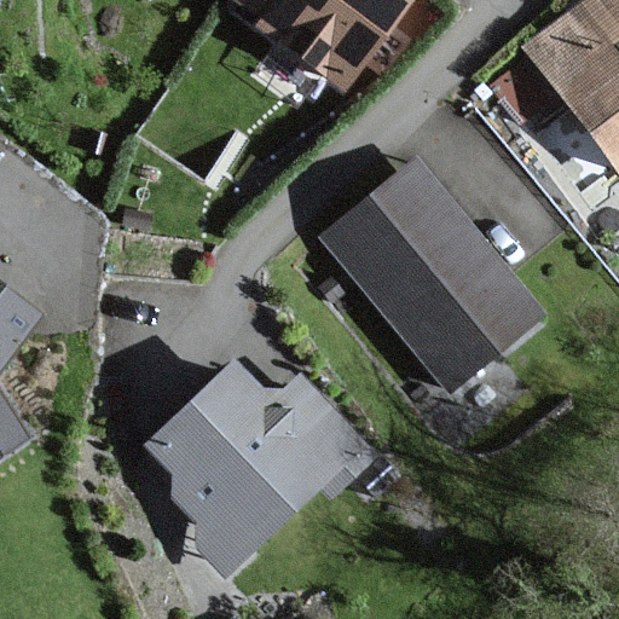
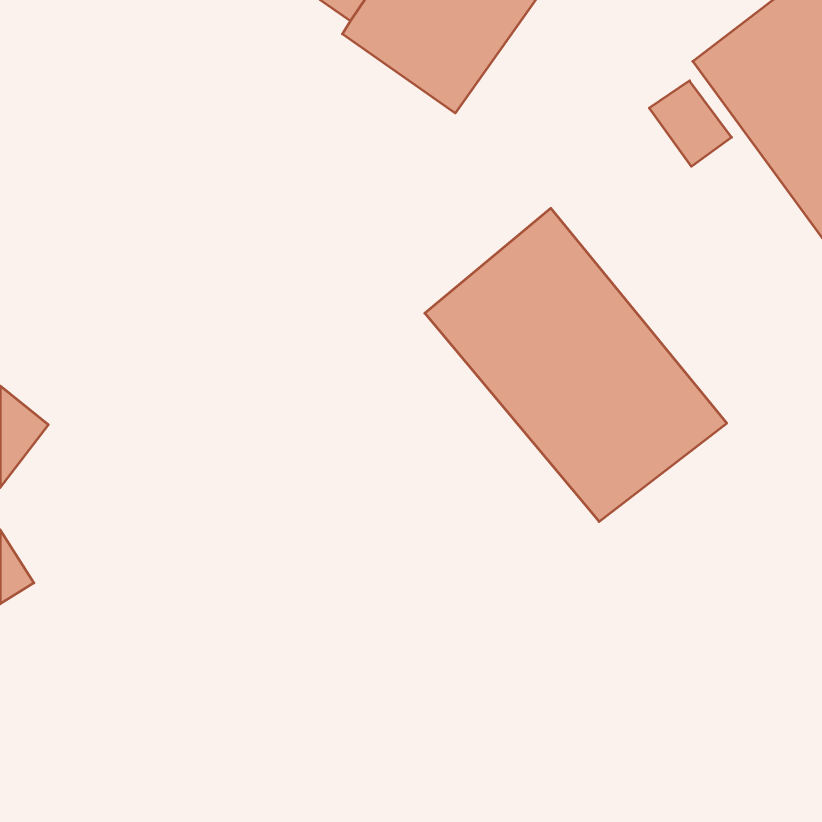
building: [141,360,376,585] -> none

